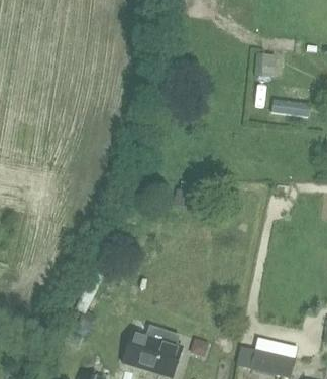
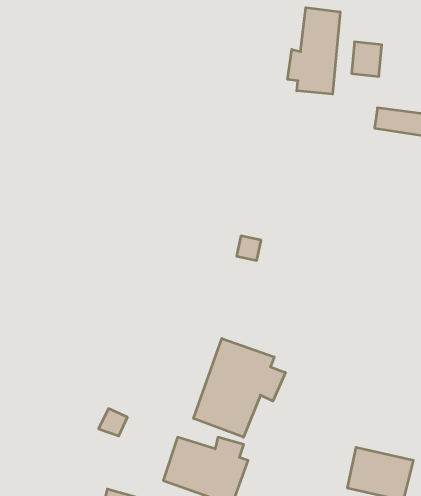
building: none -> [288,8,340,94]
building: none -> [194,338,285,437]

